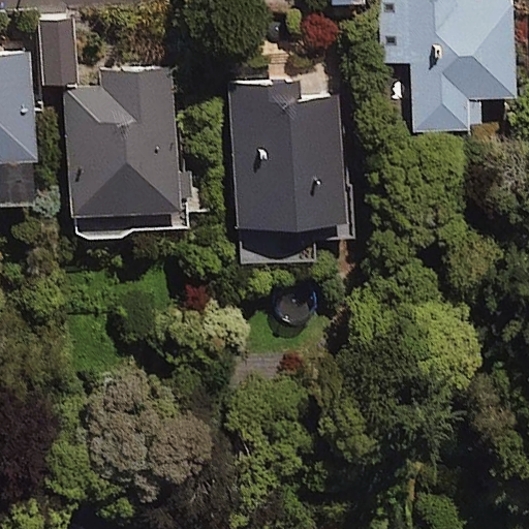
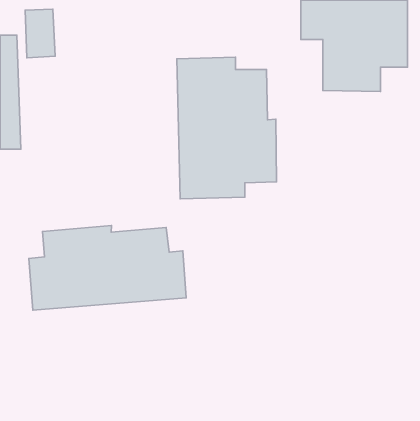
building: [60,66,185,237] -> none
building: none -> [29,225,186,310]

